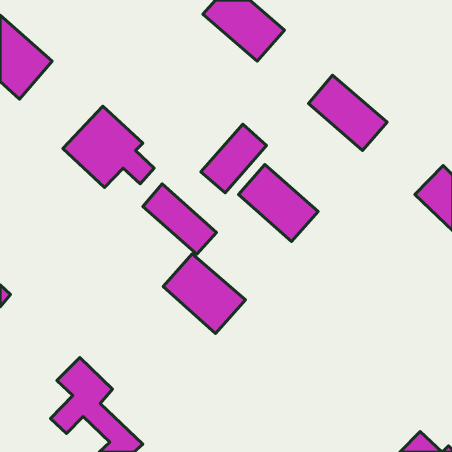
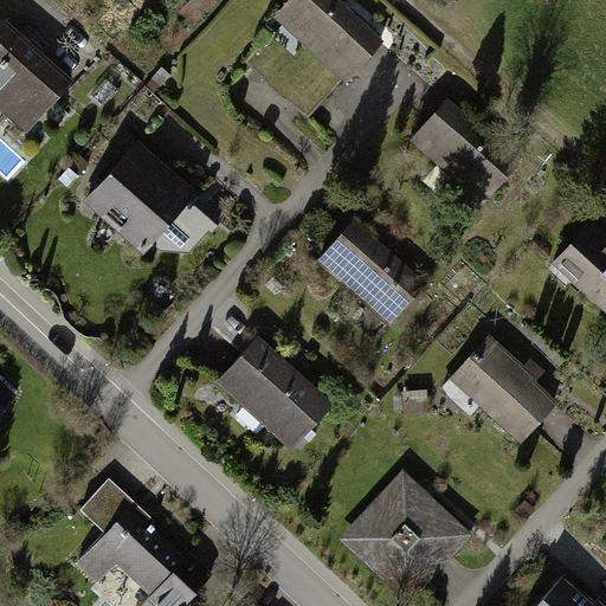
building: [201,124,267,193] -> none
building: [143,184,217,254] -> none
building: none -> [450,335,554,439]
building: none -> [341,476,464,598]

